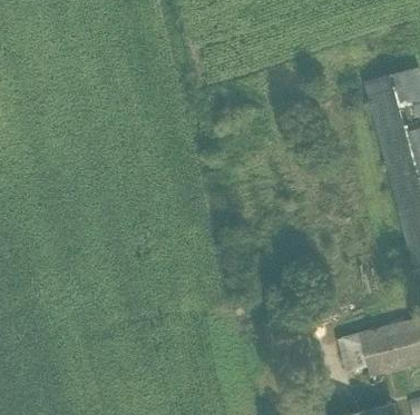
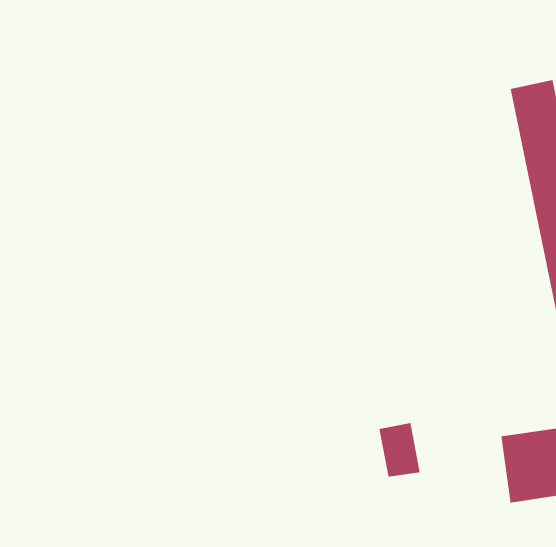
building: [340,332,370,370] -> [378,423,420,477]

